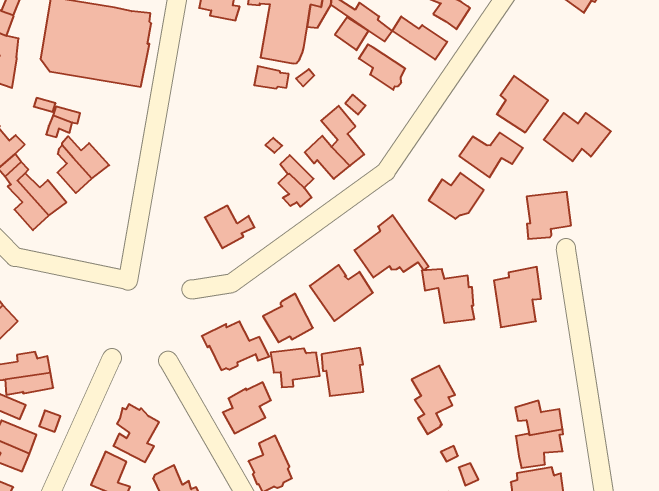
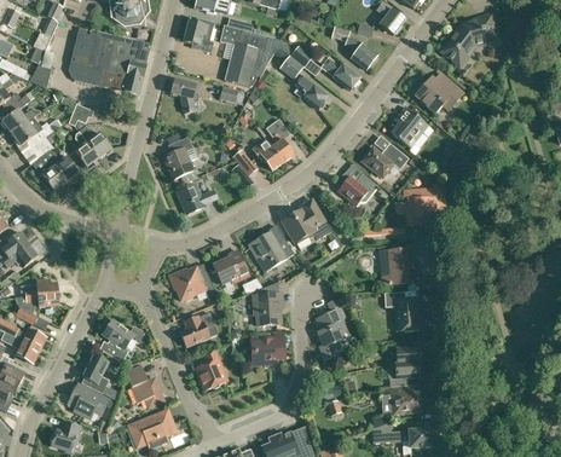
building: none -> [170,80,199,114]
building: [544,113,611,161] -> [415,77,463,112]
building: none -> [161,138,193,181]
building: [422,269,474,323] -> [383,293,418,331]
building: [271,348,320,387] -> [250,337,284,364]

